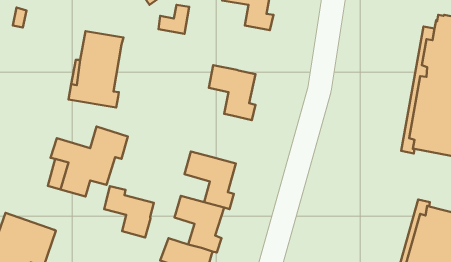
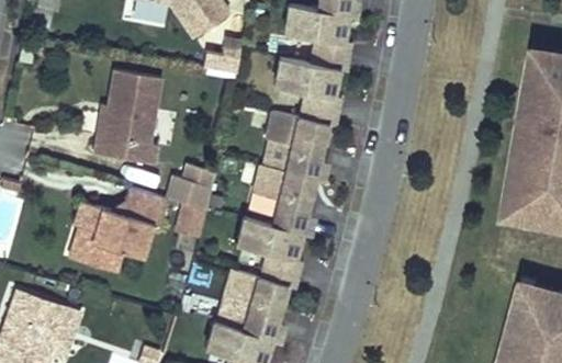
building: none -> [272,58,334,125]
building: none -> [250,165,310,232]
building: none -> [178,166,220,206]
building: [104,186,154,237] -> none

